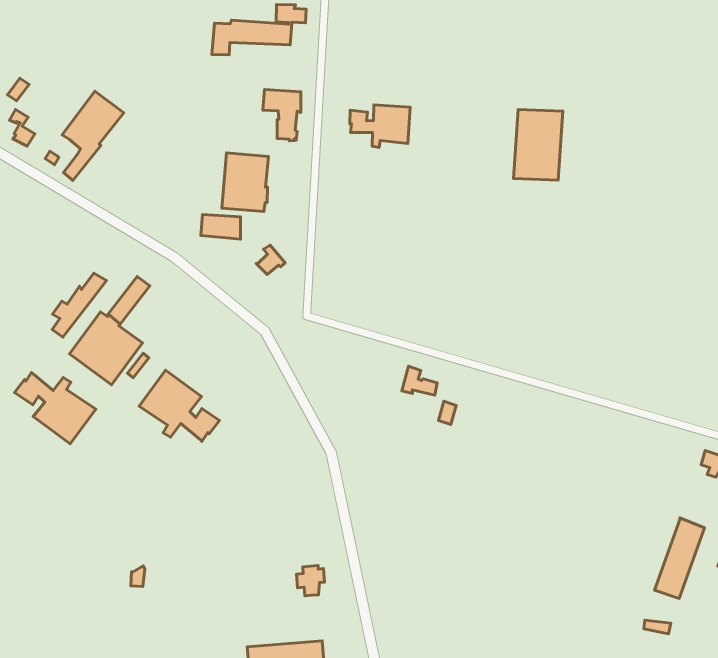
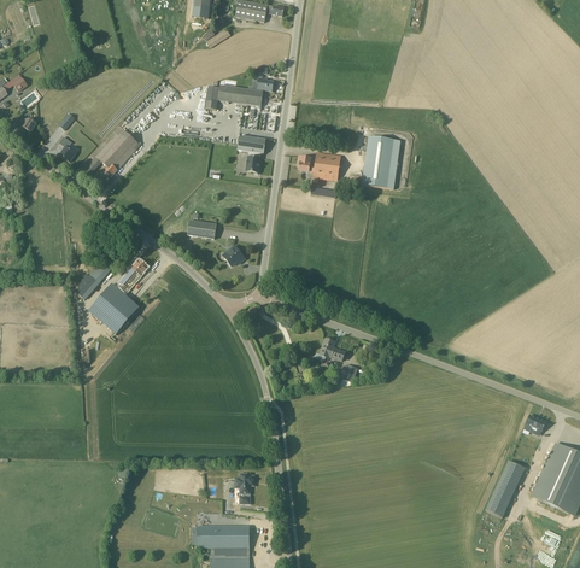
building: [513,110,563,180] -> [362,136,400,188]
building: [222,153,269,212] -> none
building: [139,370,220,441] -> none
building: [14,372,96,444] -> none

